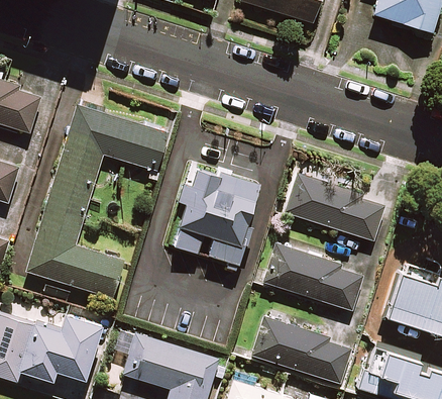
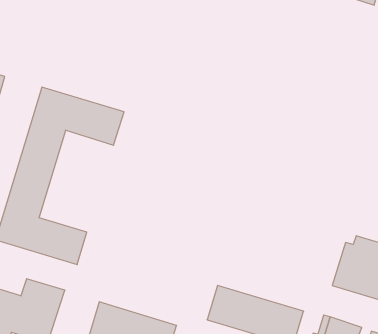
building: [174,170,257,268] -> none
building: [285,175,386,239] -> none
building: [265,248,359,309] -> none

